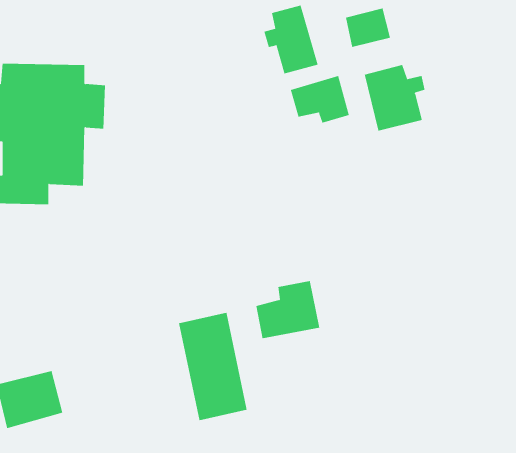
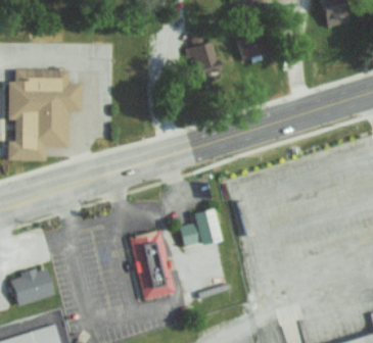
building: [364,64,425,132] -> none
building: [290,75,350,123] -> none

